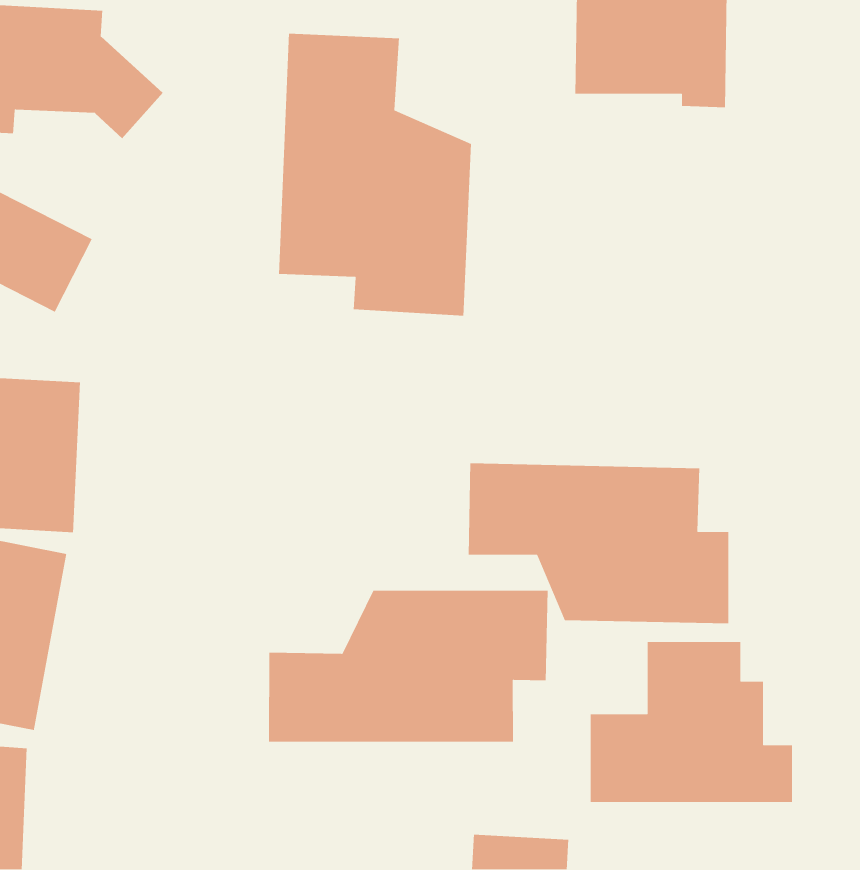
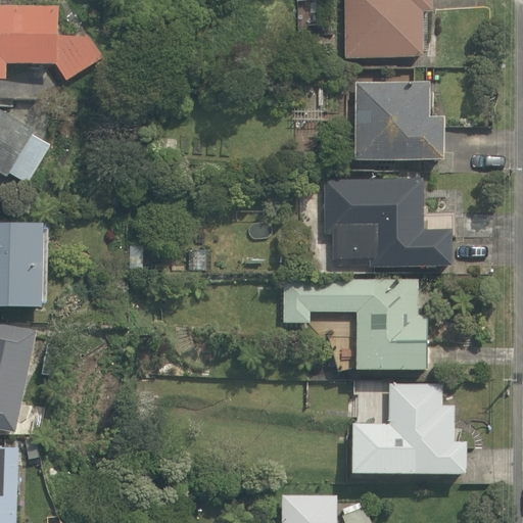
building: [278,33,472,317] -> none
building: none -> [344,81,448,159]
building: none -> [314,175,453,267]
building: [268,590,549,743] -> none

